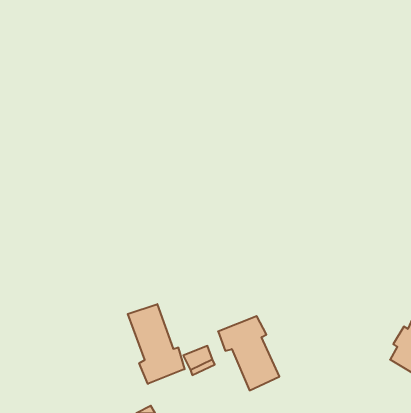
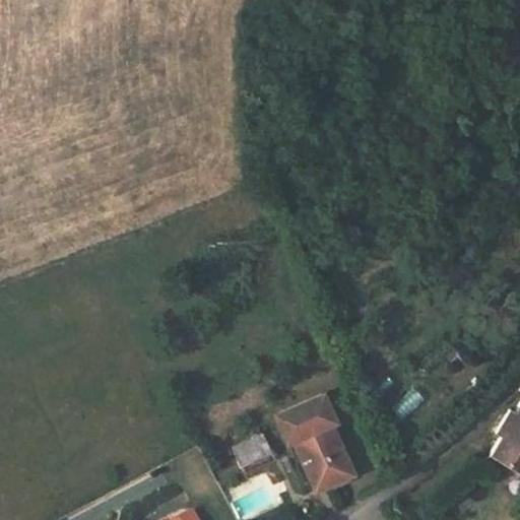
building: [128,304,185,384] -> none

